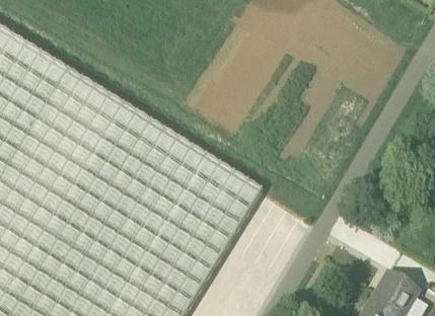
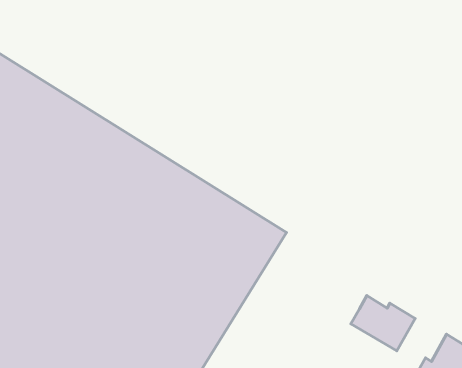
building: none -> [351,296,415,351]

